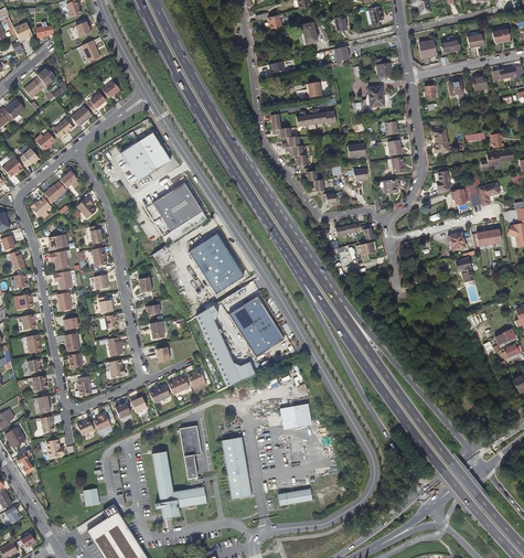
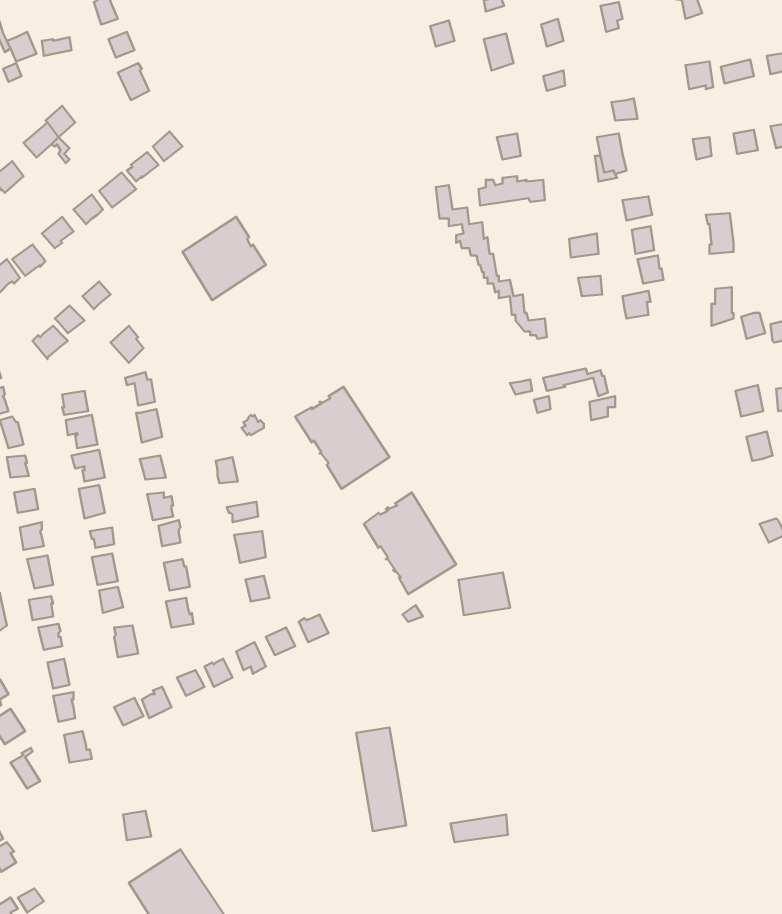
building: [151,184,201,236] -> none
building: [280,403,311,428] -> [458,573,510,615]
building: [178,423,201,477] -> none
building: [152,450,207,518] -> none

